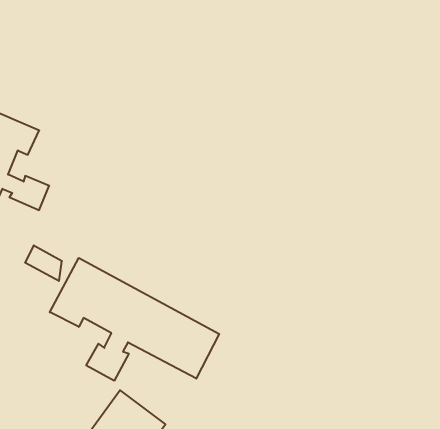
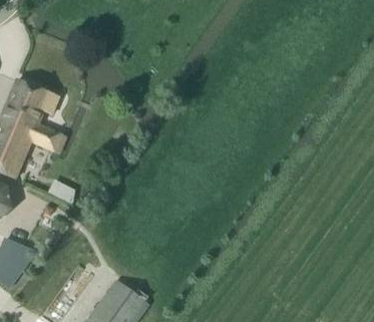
building: [50,258,219,381] -> none

